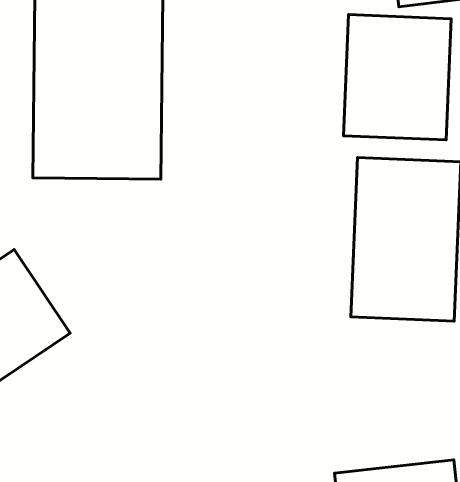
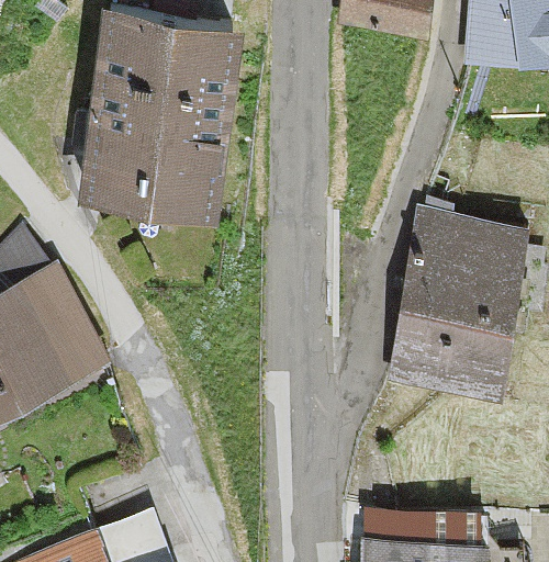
building: [344,15,451,140] -> none

